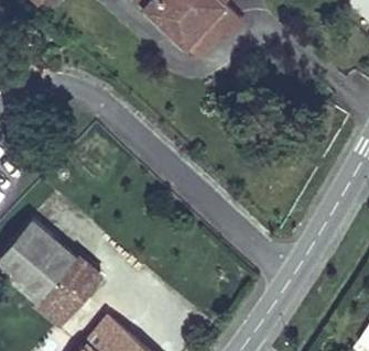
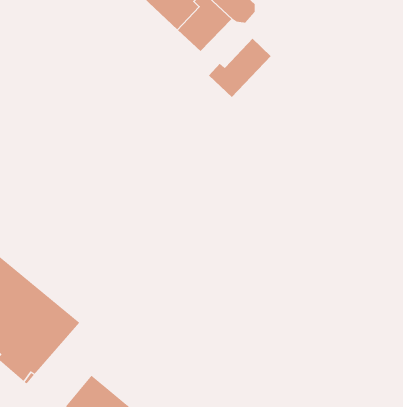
building: none -> [208,38,271,98]

